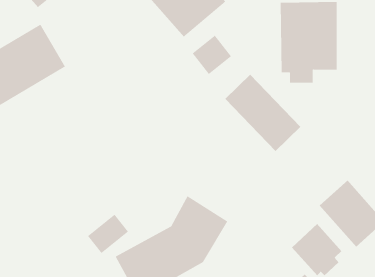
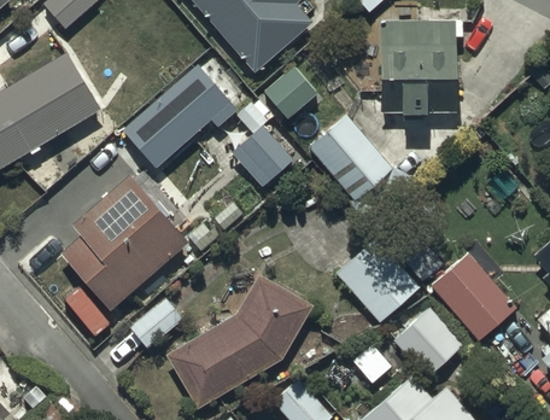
building: none -> [123,65,234,170]
building: none -> [234,103,291,187]
building: none -> [60,173,187,308]
building: none -> [335,237,420,322]

